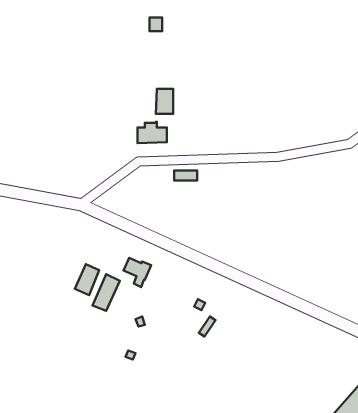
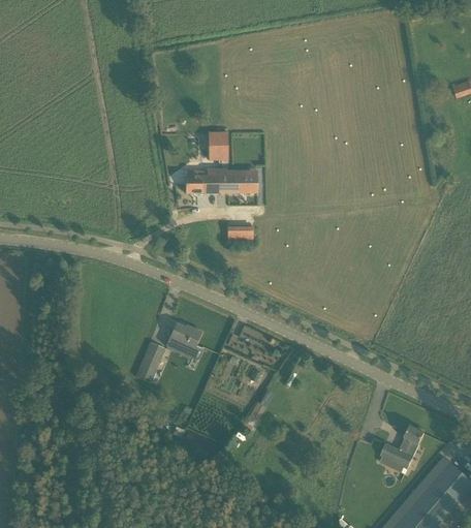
building: none -> [219,170,258,192]
building: [75,264,99,295] -> none
building: none -> [380,425,425,468]

